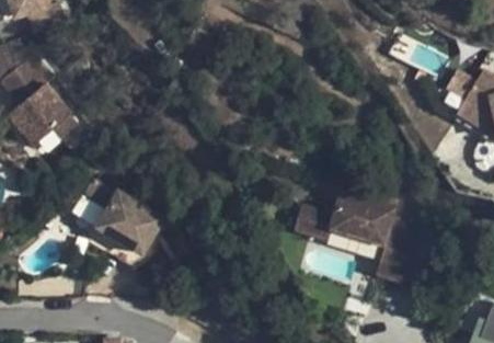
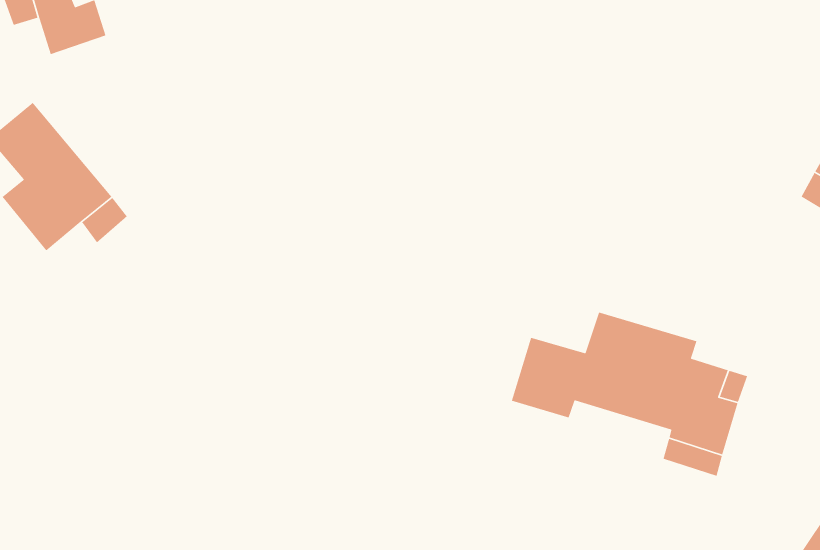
building: [92,188,160,253] -> none

